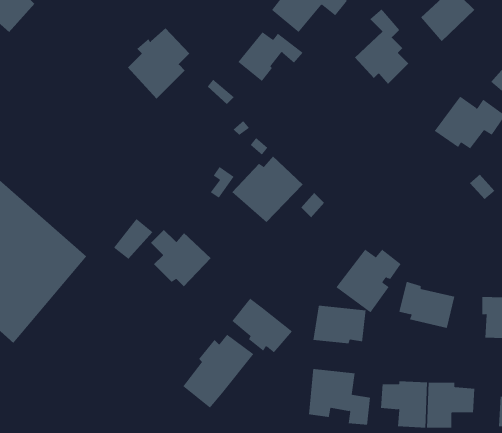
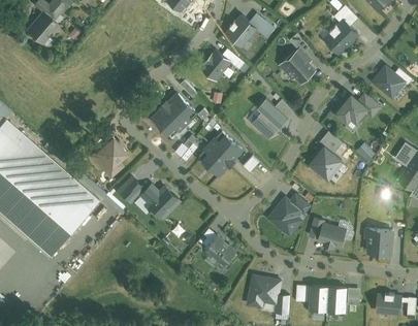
building: [127,28,190,100] -> [152,91,194,139]
building: none -> [251,97,295,140]
building: none -> [88,130,129,182]
building: none -> [309,131,344,183]
building: [313,305,366,344] -> none
building: [182,334,254,408] -> none

